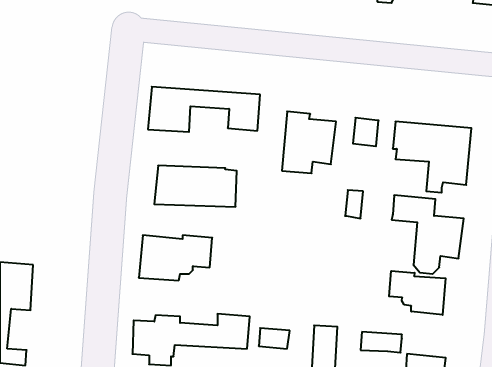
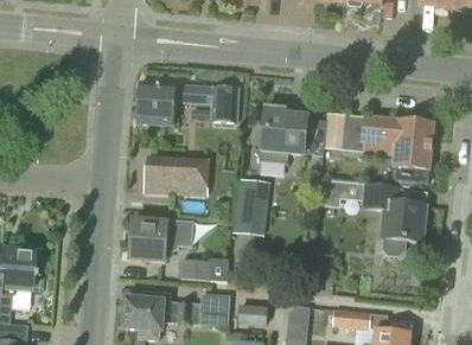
building: none -> [231,178,270,234]
building: [389,271,446,315] -> none
building: none -> [179,257,223,280]

